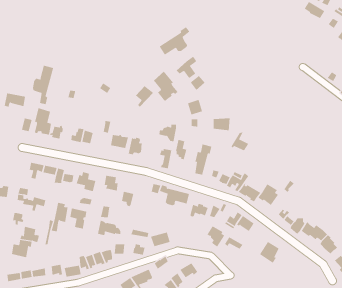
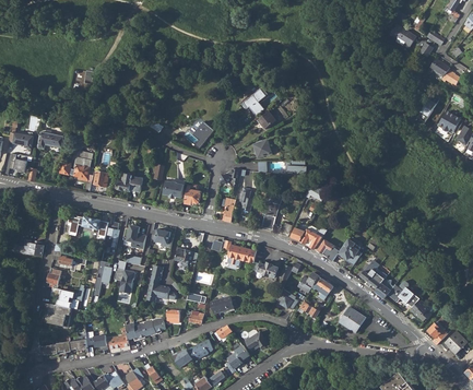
building: [159,26,190,56] -> none
building: [32,65,54,105] -> none
building: [153,71,178,102] -> none

